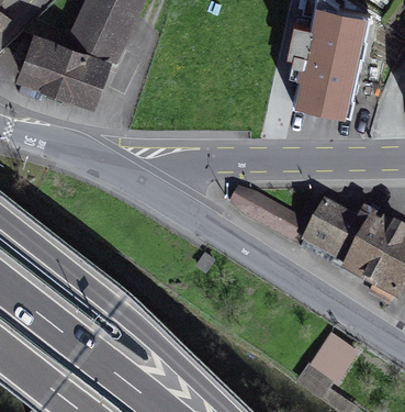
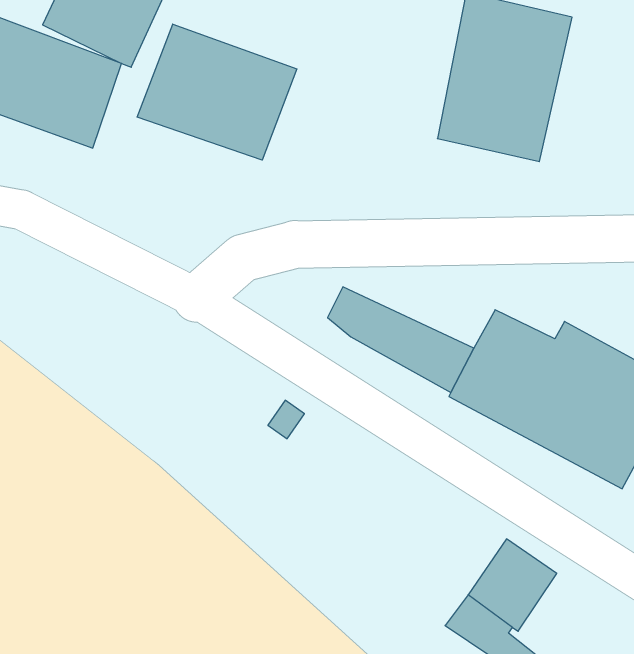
building: none -> [137,24,297,160]

